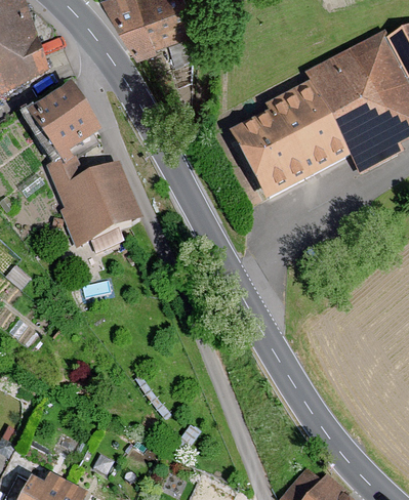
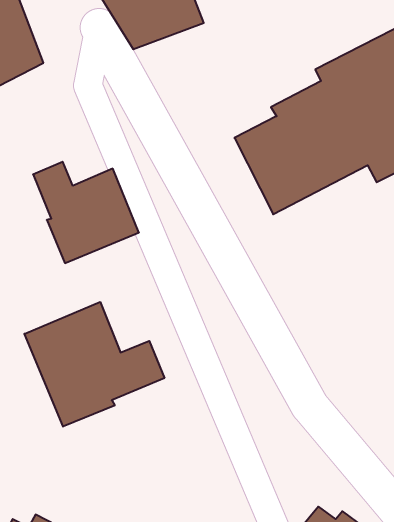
building: [21,85,96,162] -> none
building: none -> [24,302,164,427]

